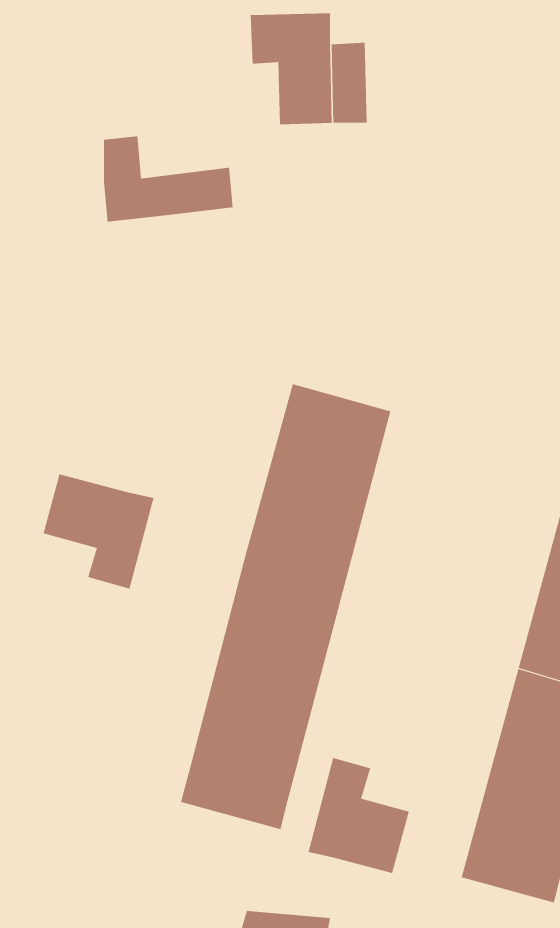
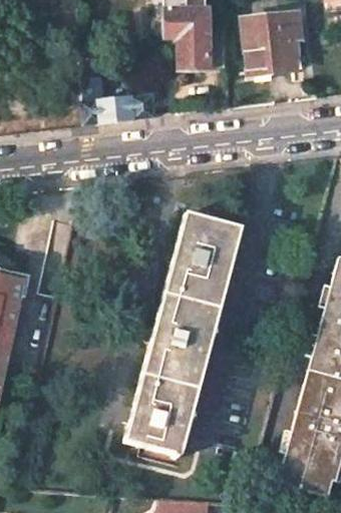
building: none -> [244,14,301,71]
building: [43,473,154,590] -> none
building: [308,757,410,874] -> none

